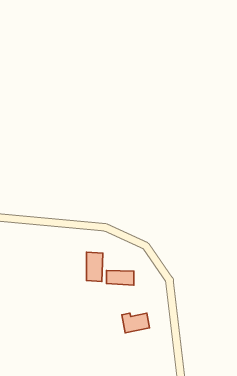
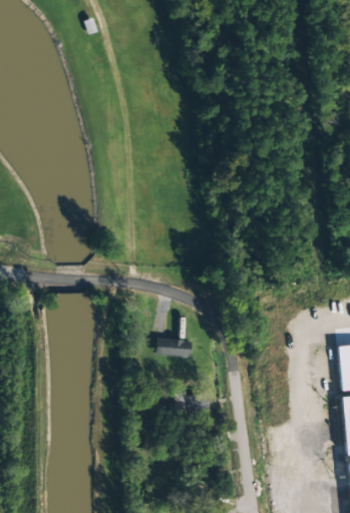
building: [86,252,103,281] -> none

